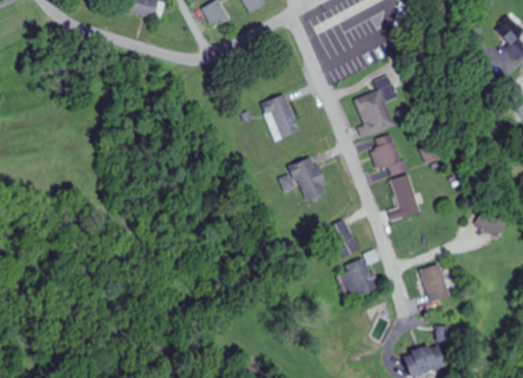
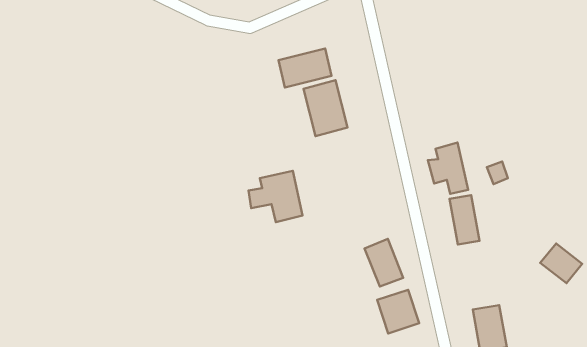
building: none -> [279,49,331,88]
building: [352,76,394,136] -> none
building: [280,156,327,200] -> [248,171,303,222]

